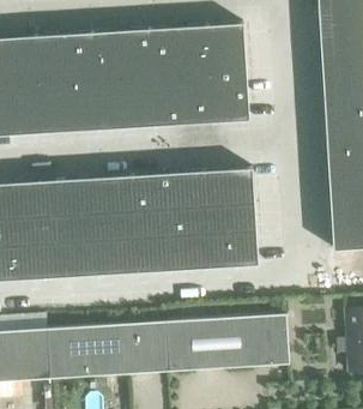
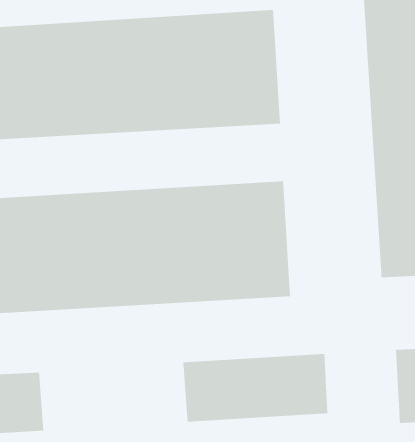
building: [47,320,170,378] -> none

